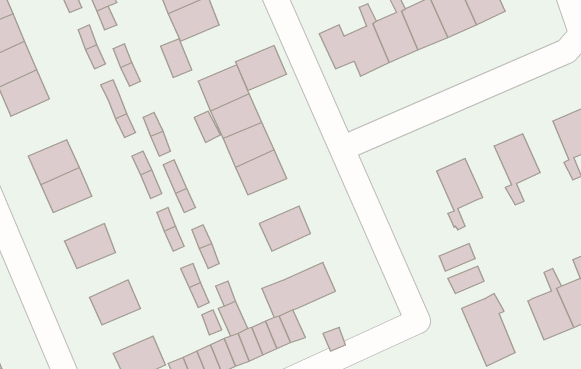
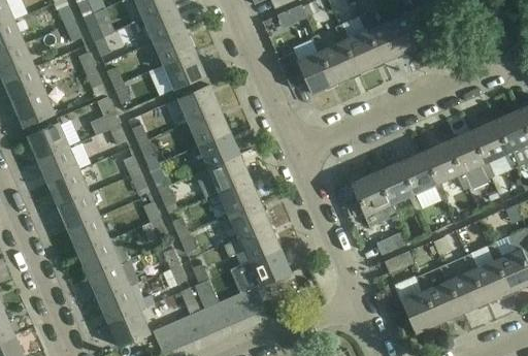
building: [235,46,287,90] -> [163,52,205,89]
building: none -> [27,122,69,160]
building: none -> [446,131,484,190]
building: none -> [398,152,436,211]
building: none -> [350,172,389,227]
building: none -> [219,179,261,216]
building: none -> [58,187,113,230]
building: none -> [224,224,280,262]
building: none -> [77,239,120,277]
building: none -> [426,263,463,322]
building: none -> [98,286,140,323]

